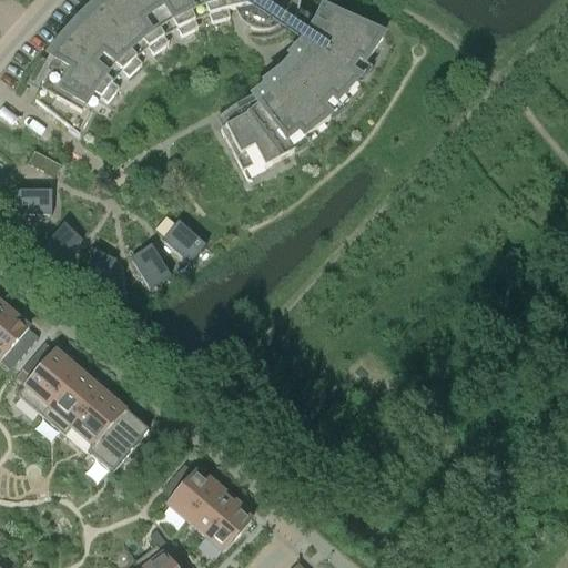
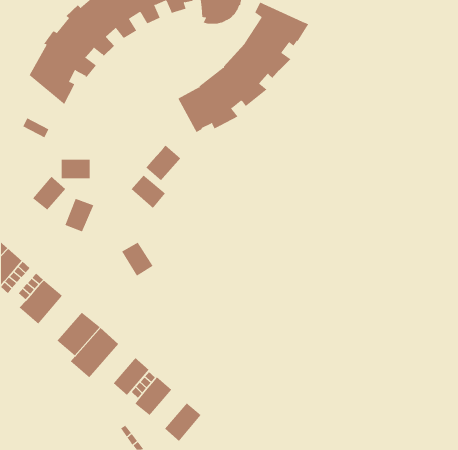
building: none -> [146,144,181,181]
building: [14,185,51,210] -> [61,159,91,179]
building: [130,240,170,283] -> [121,242,153,277]
building: [48,366,101,422] -> none
building: [185,483,231,530] -> [113,357,150,396]

